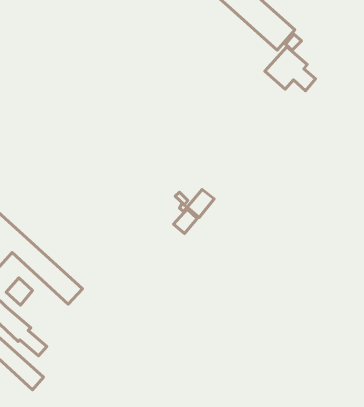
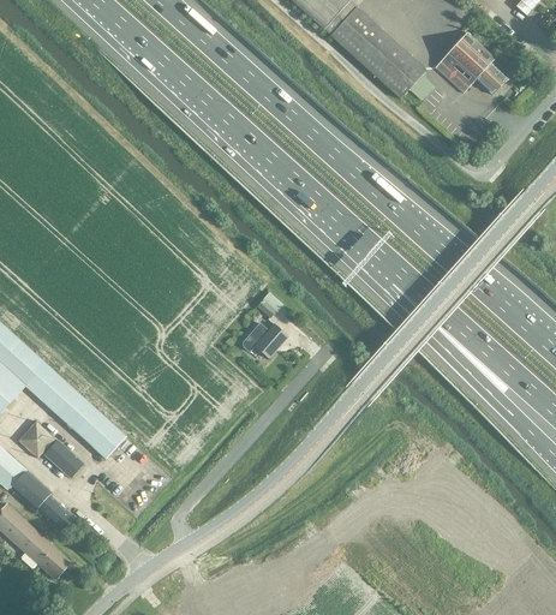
building: [265,47,316,91] -> [434,31,506,94]
building: [187,190,214,217] -> none
building: none -> [42,438,82,477]

